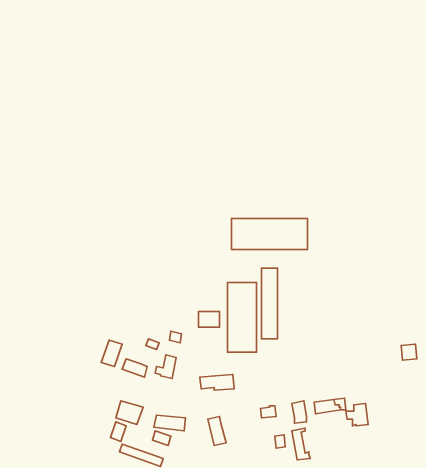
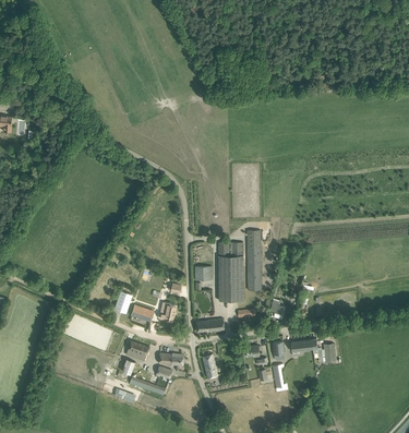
building: [232,219,307,250] -> none

